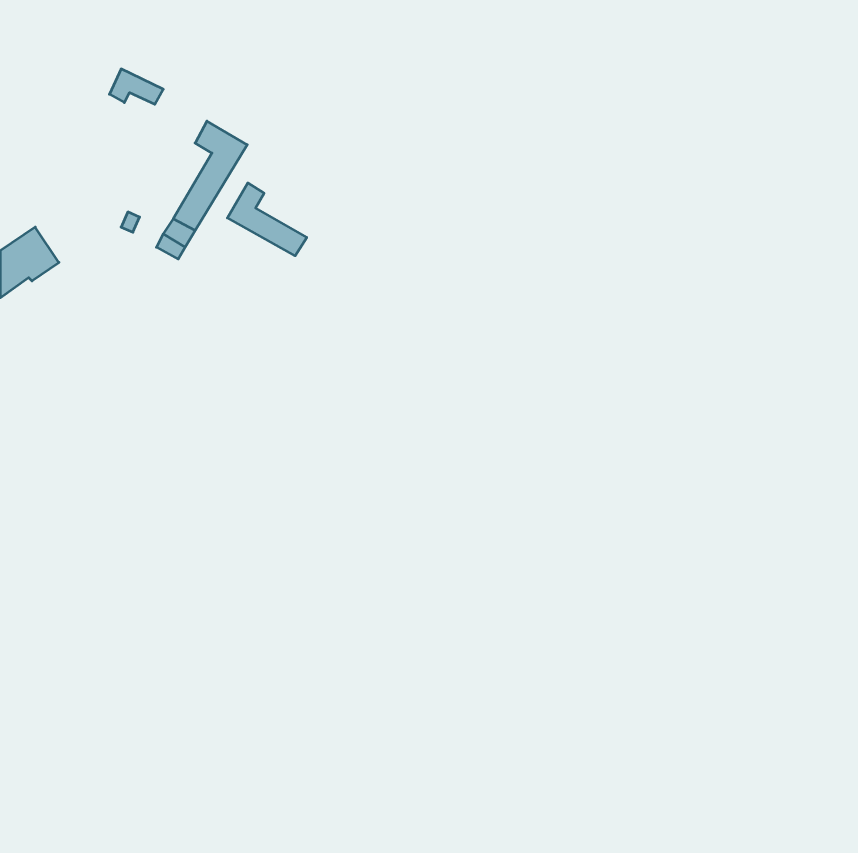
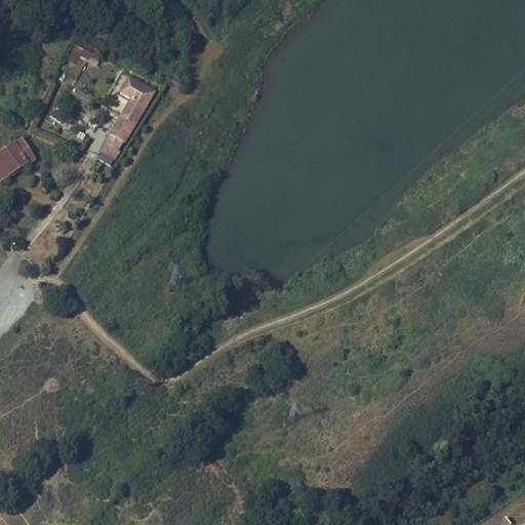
building: [227,183,307,256] -> none

